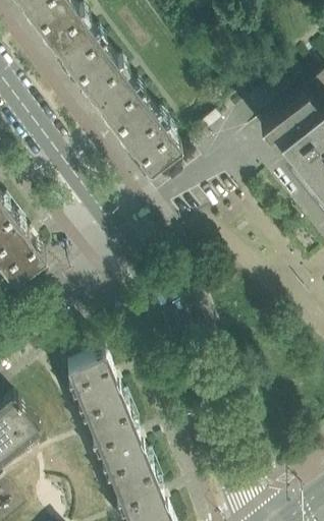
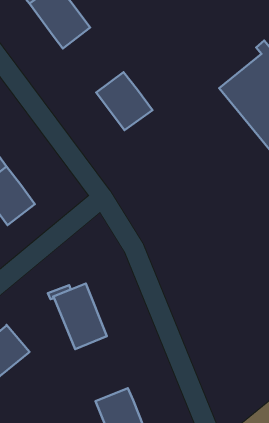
building: [77,57,148,132] -> none
building: [92,414,153,489] -> none

